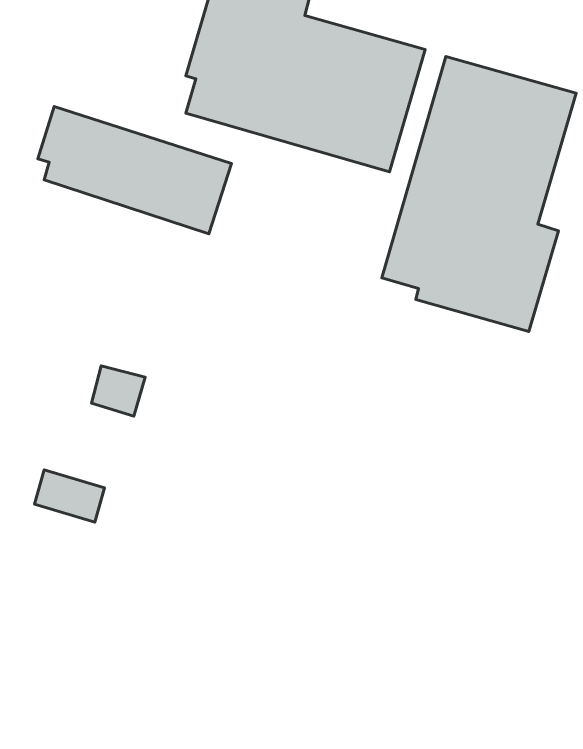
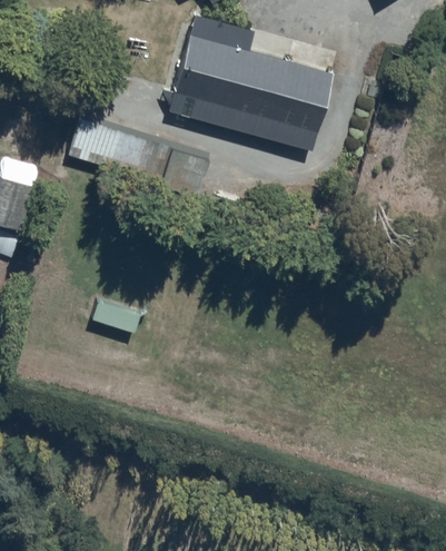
building: [382,56,576,331] -> none

